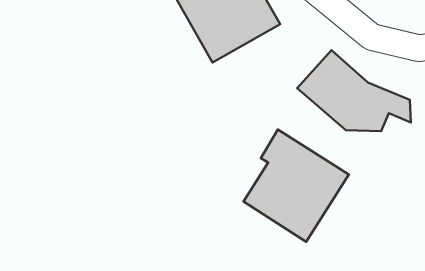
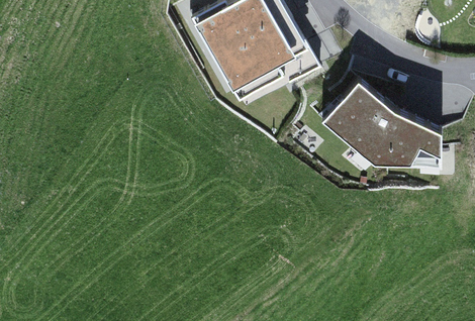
building: [243,129,349,242] -> none

